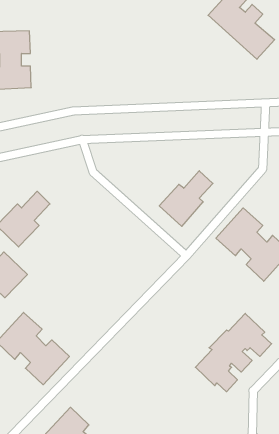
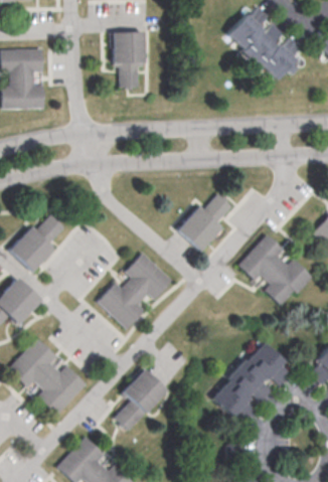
building: none -> [114,31,146,87]
building: none -> [97,254,171,329]
building: none -> [114,370,165,432]

